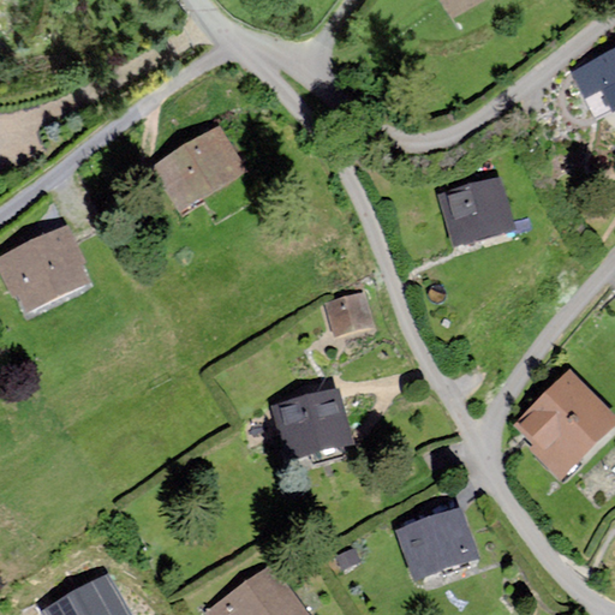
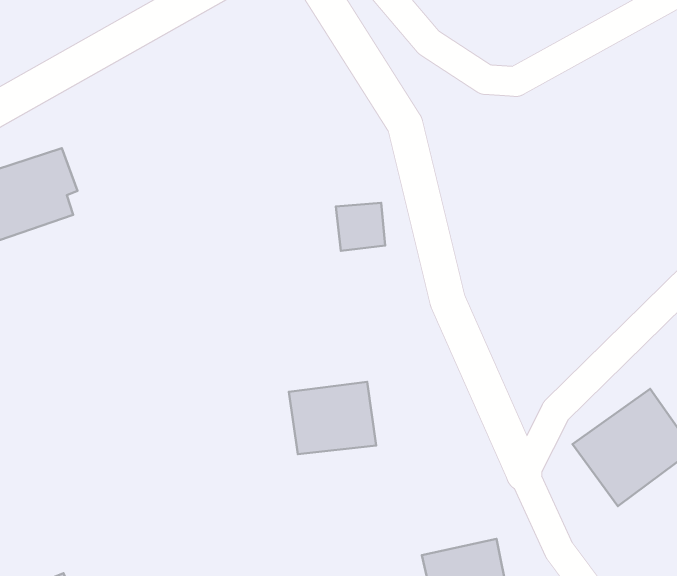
building: [157,130,240,207] -> none
building: [442,178,513,244] -> none
building: [327,283,371,327] -> [336,203,385,251]

